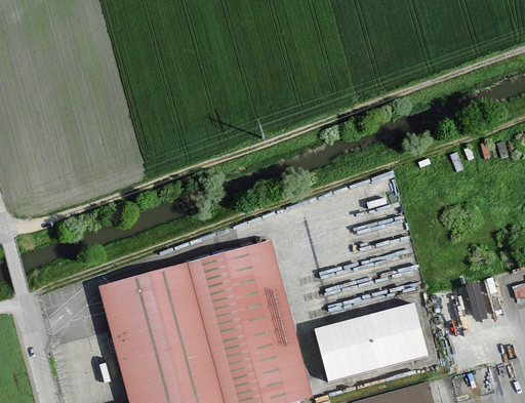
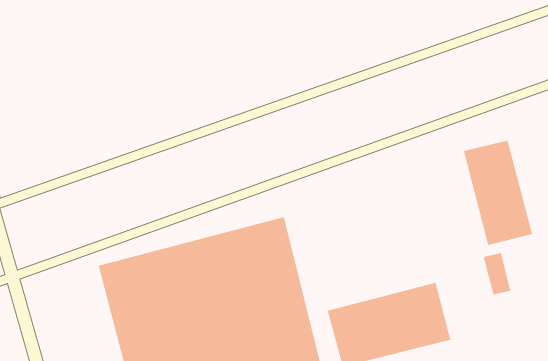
building: none -> [463,140,533,246]

